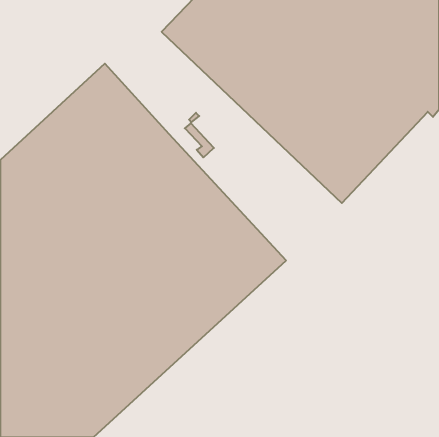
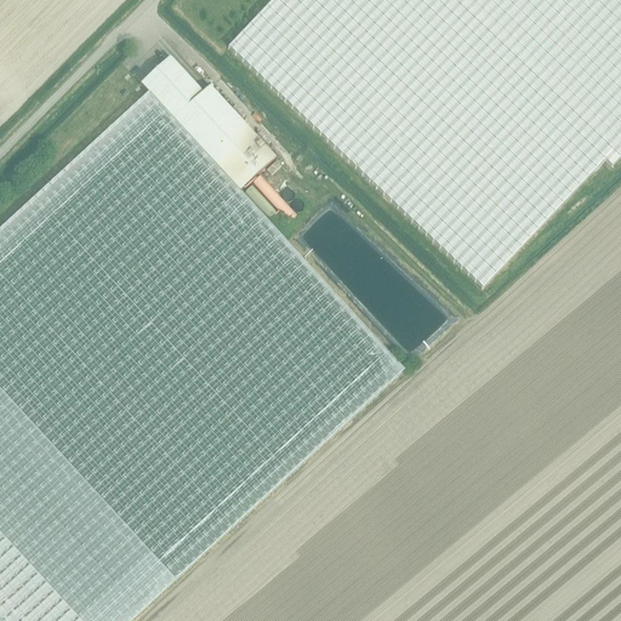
building: none -> [141,55,275,189]

